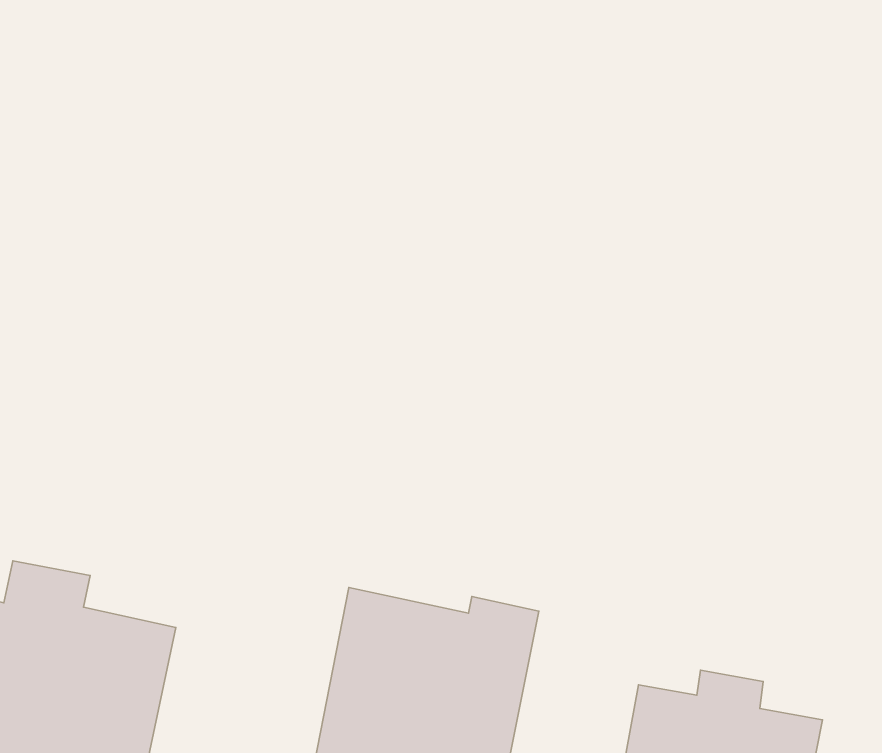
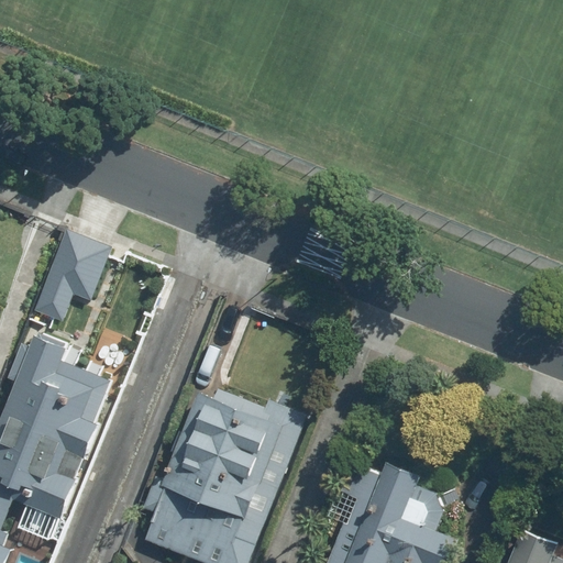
building: none -> [26,242,103,331]

